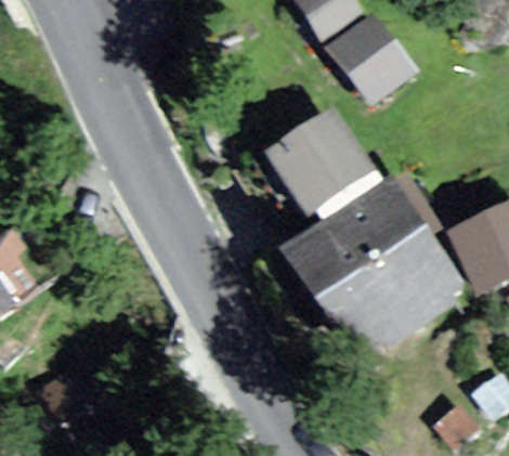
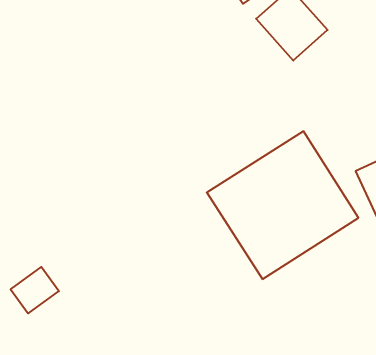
building: [272,122,368,216] -> none

